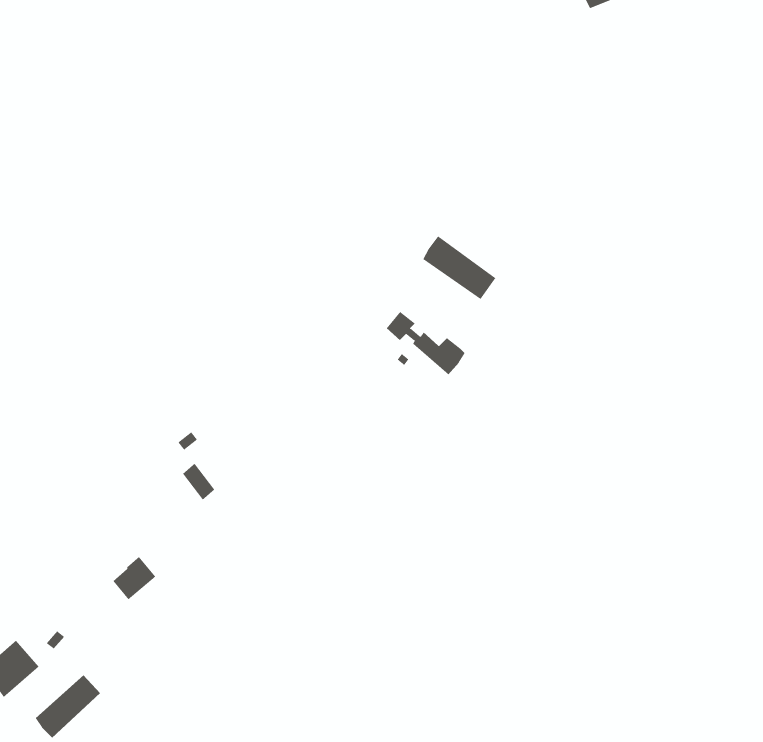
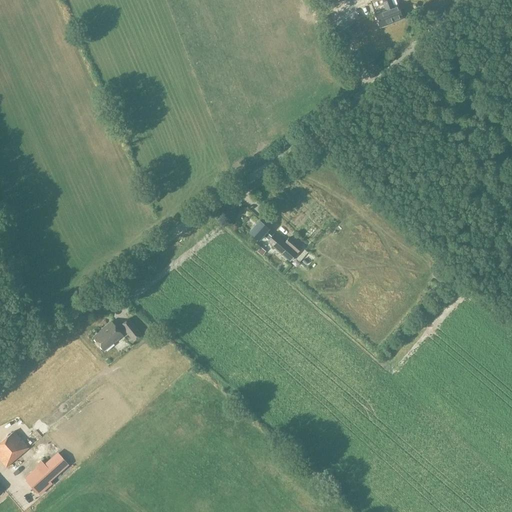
building: [423,236,496,300] -> none
building: [112,556,156,600] -> [95,320,123,348]

